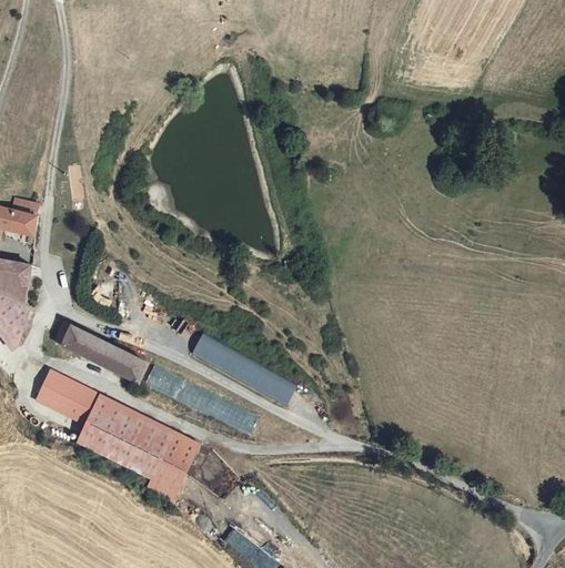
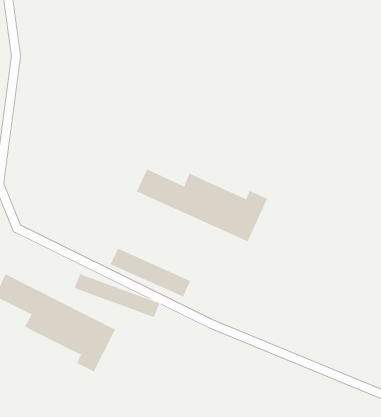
building: none -> [136,168,268,242]
building: [56,323,148,382] -> none

